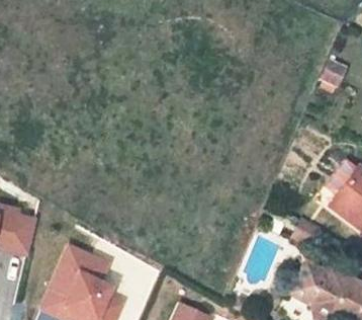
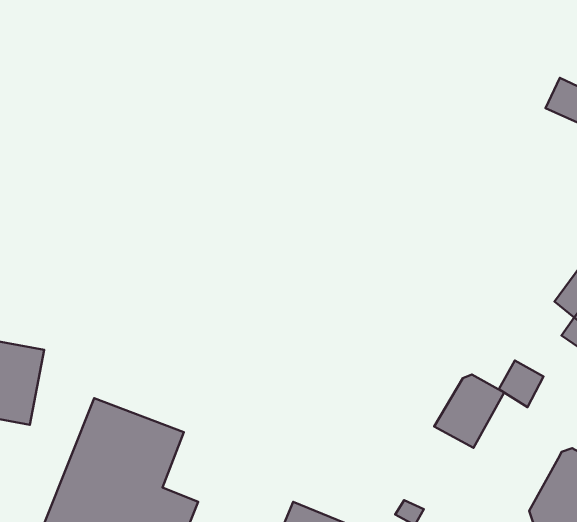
building: [289,263,329,305] -> [434,375,504,448]

